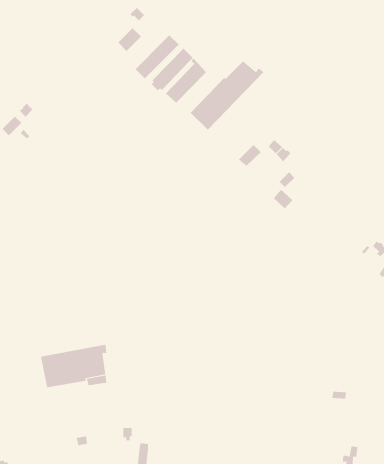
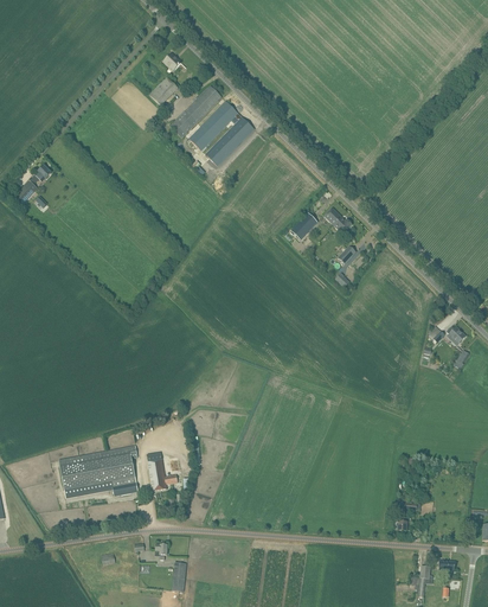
building: [190,60,265,131] -> none
building: none -> [147,452,178,491]

